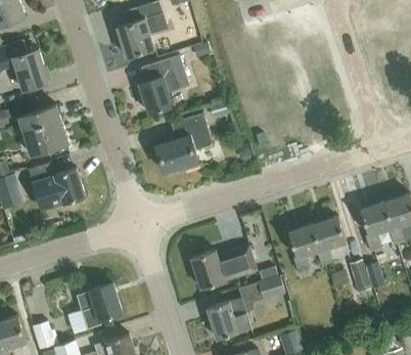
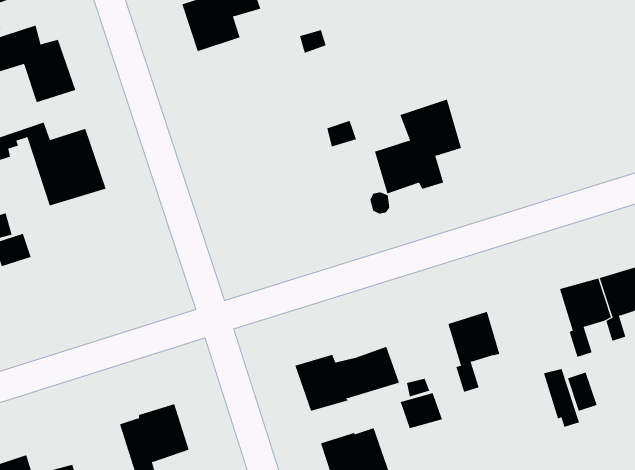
building: [139,55,189,114] -> none
building: [154,113,211,174] -> [374,99,462,194]
building: [29,163,86,211] -> none
building: [314,216,346,268] -> none

